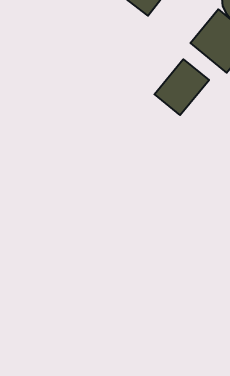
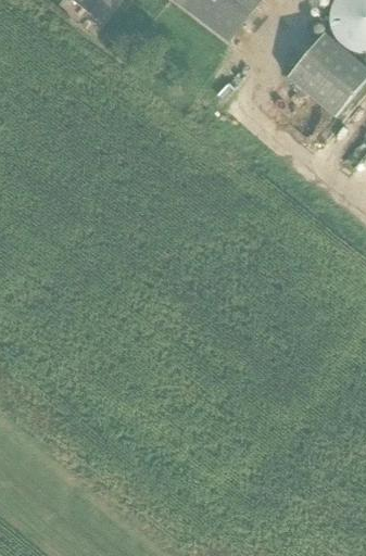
building: [154,59,209,115] -> none

